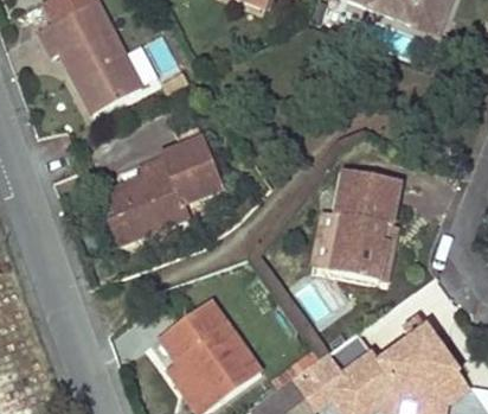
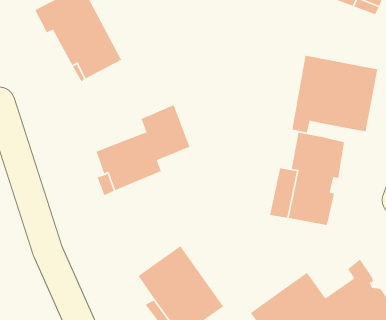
building: none -> [291,55,378,134]

